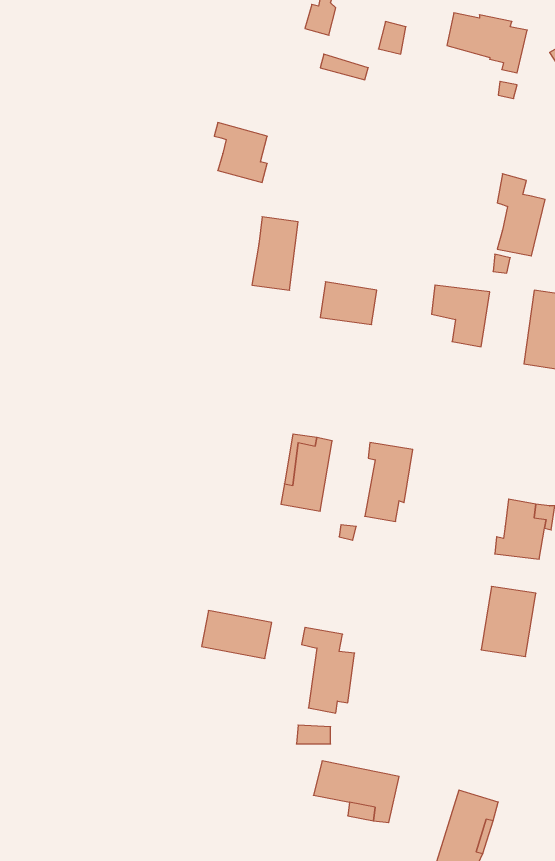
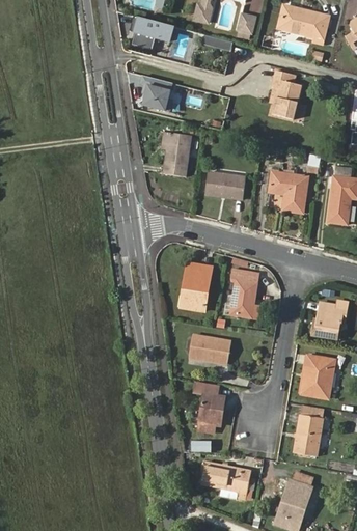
building: none -> [130,13,172,48]
building: [497,174,545,256] -> [273,69,302,119]
building: [202,611,272,658] -> [190,334,232,363]
building: none -> [293,414,322,456]

